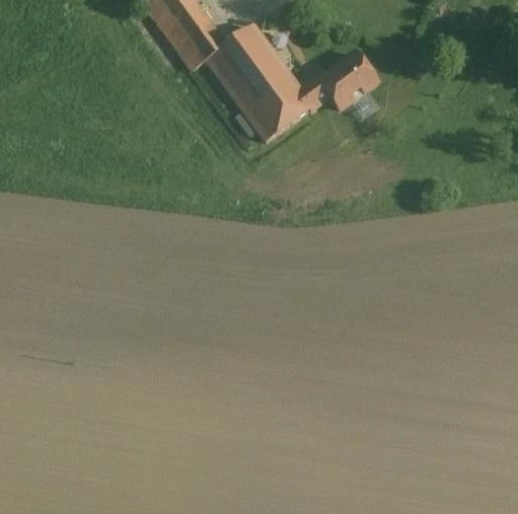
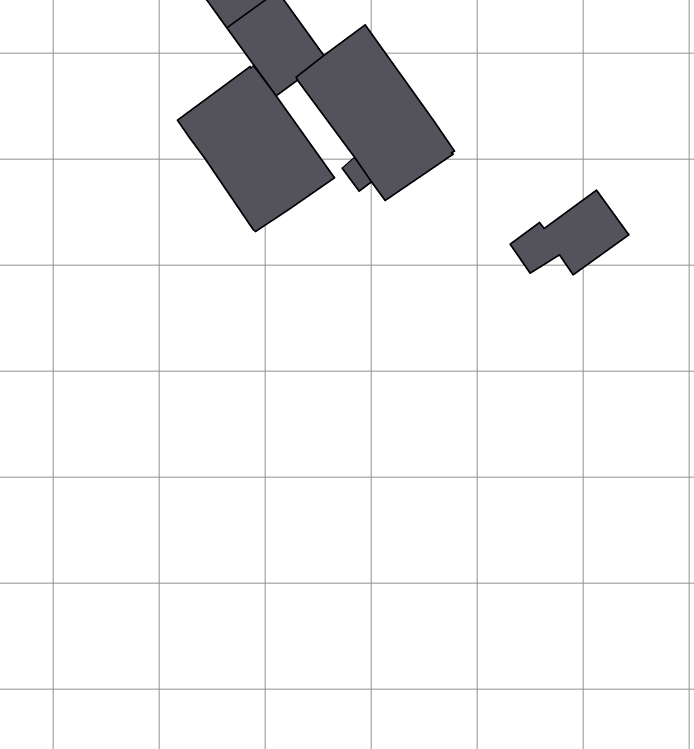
building: none -> [178,66,334,232]
building: [297,52,375,107] -> [510,190,629,275]

